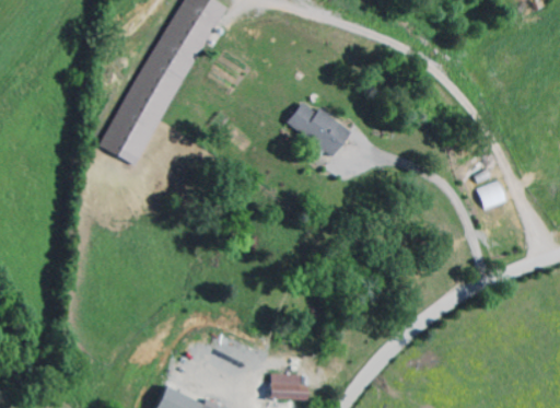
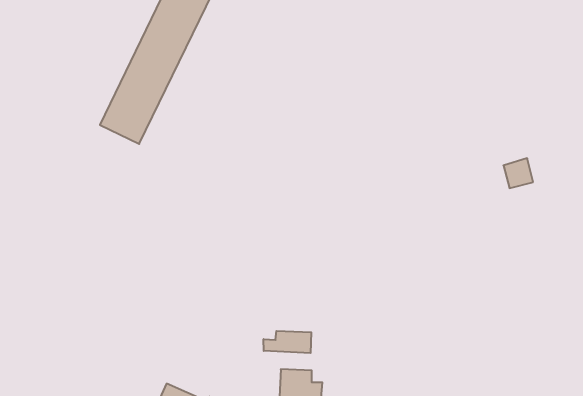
building: [285,101,349,155] -> none
building: none -> [264,331,311,353]

